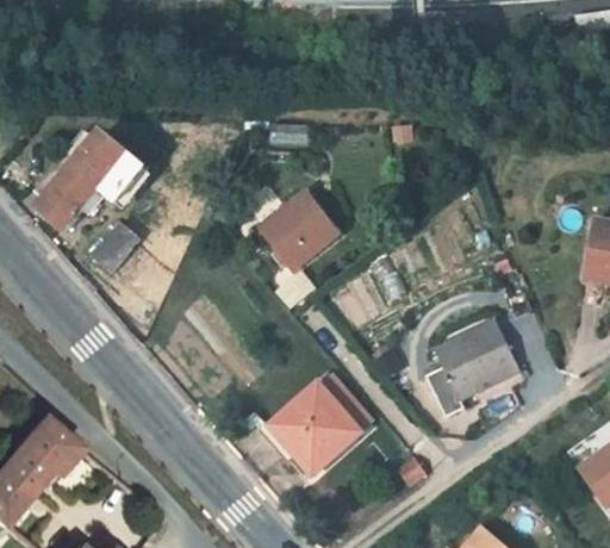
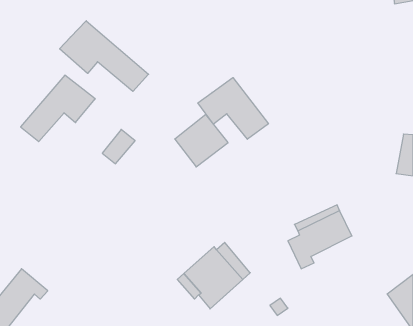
building: none -> [60,21,149,91]
building: none -> [198,78,268,139]
building: [93,222,141,272] -> [102,129,135,164]

